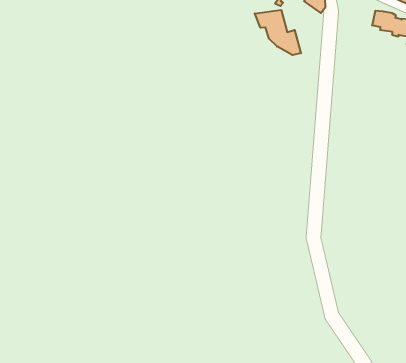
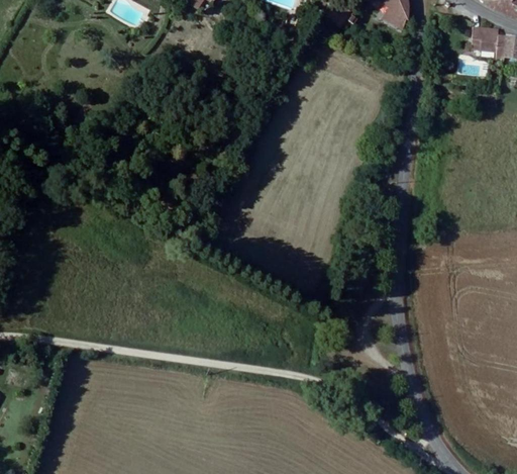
building: [255,10,301,55] -> none

